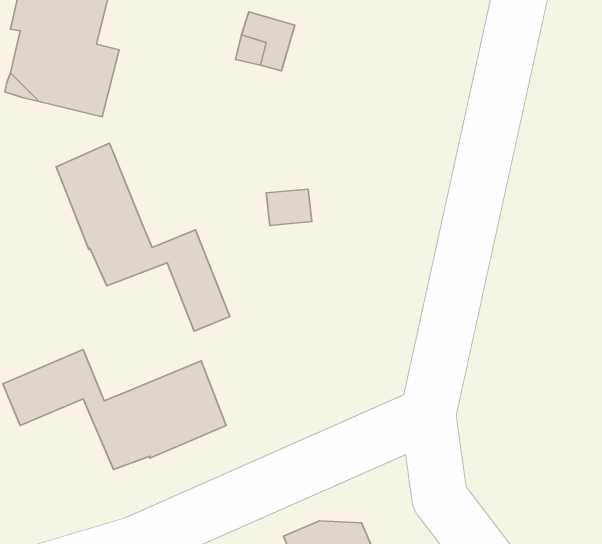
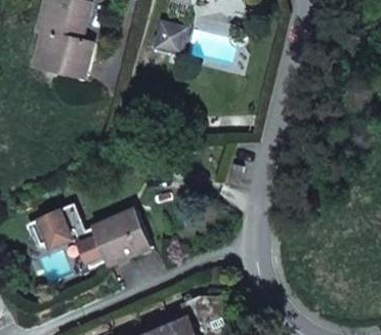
building: [56,143,230,331] -> none

